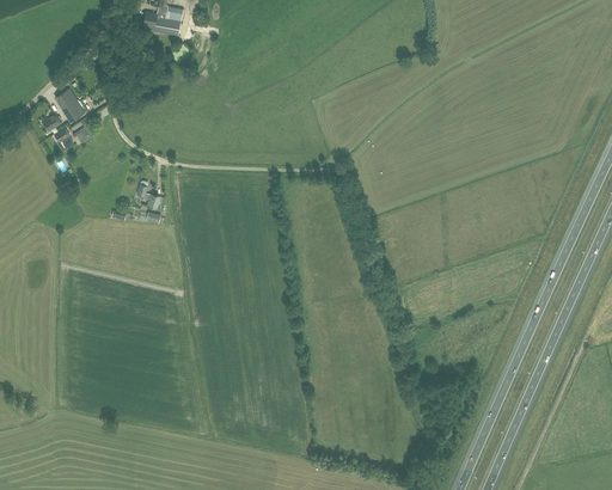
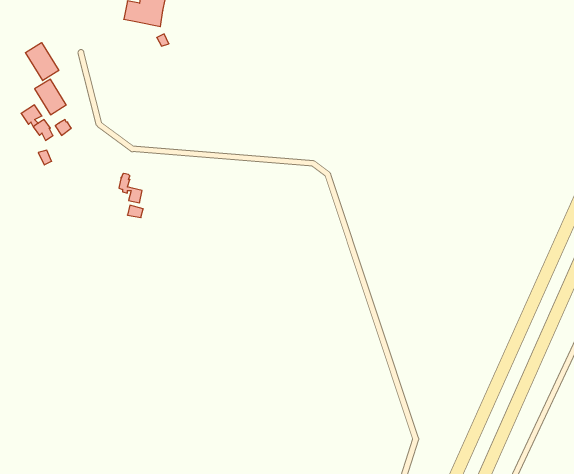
building: none -> [25,43,59,81]

